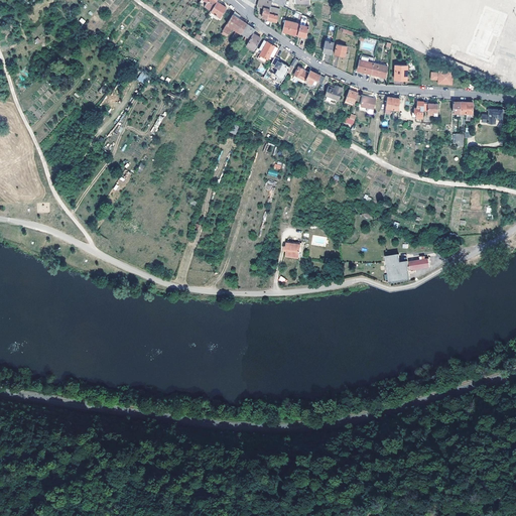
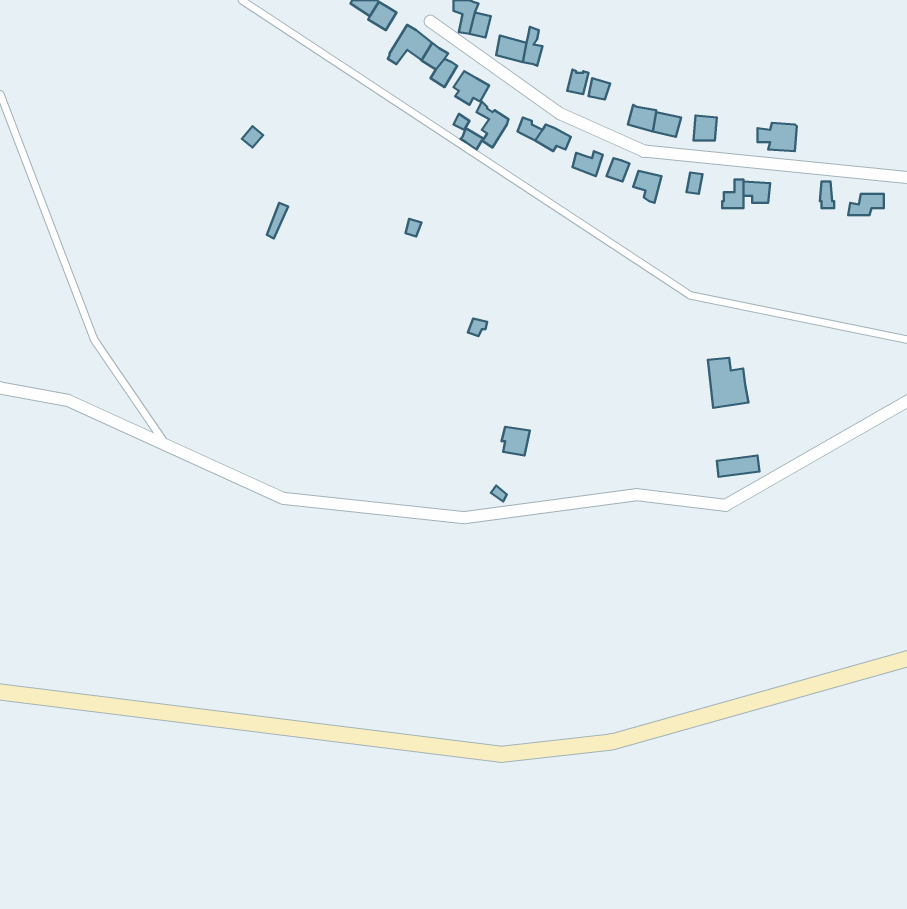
building: [387,255,410,283] -> [708,358,749,408]

